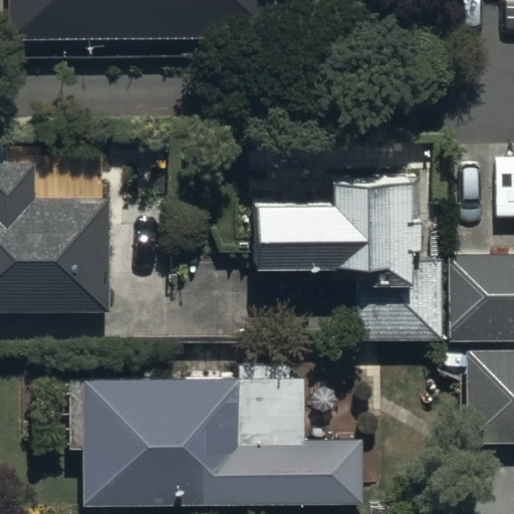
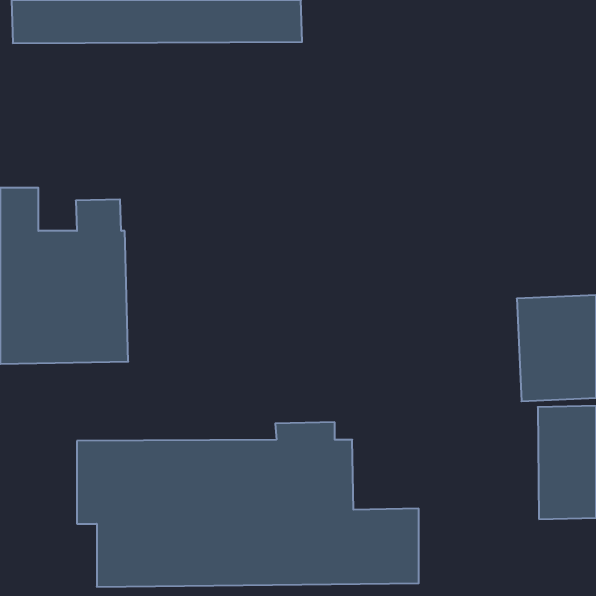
building: [251,182,442,344] -> none

